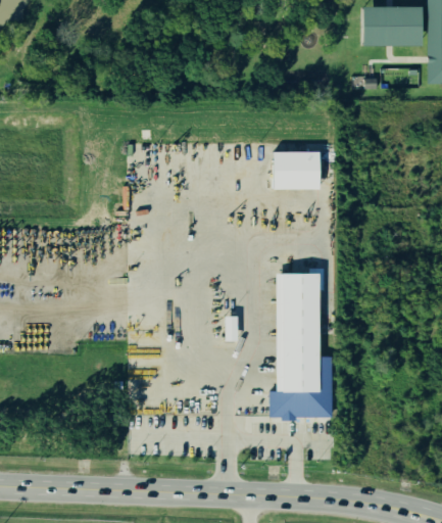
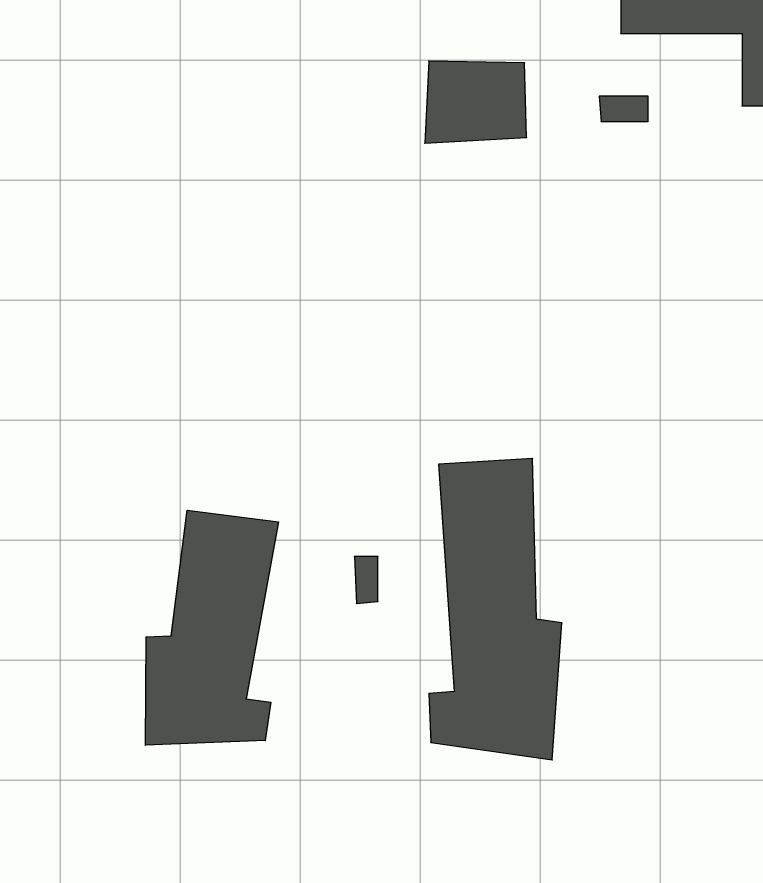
building: [268,148,322,191] -> [425,61,527,143]
building: none -> [145,510,278,745]

